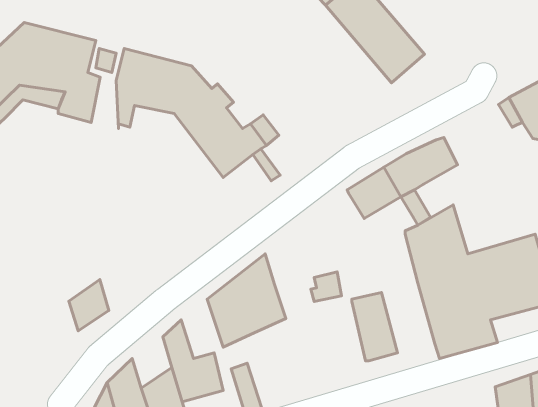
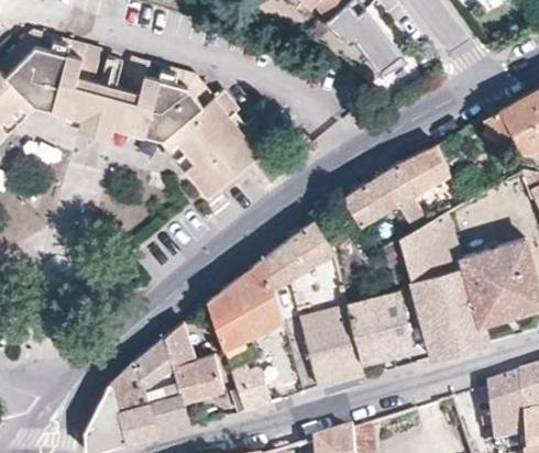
building: none -> [96,88,122,137]
building: none -> [133,115,223,200]
building: none -> [264,220,336,288]
building: [69,280,109,331] -> [135,339,174,388]
building: none -> [376,290,413,354]
building: none -> [300,305,367,387]

